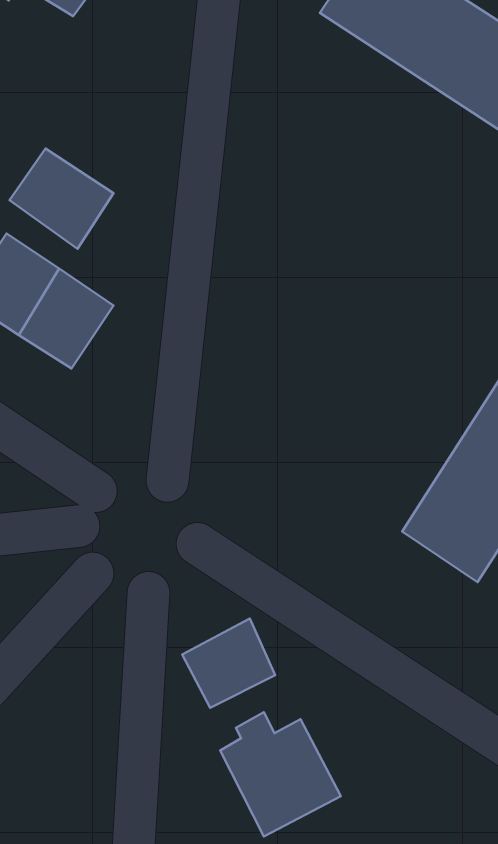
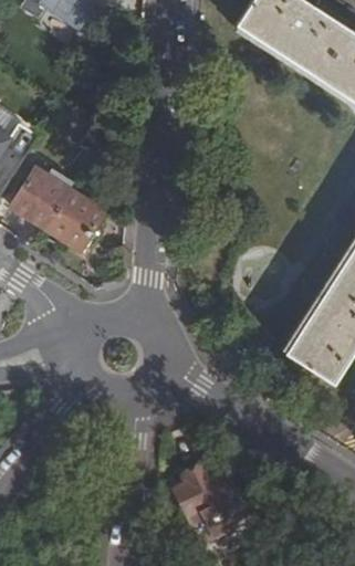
building: [10,148,113,249] -> none
building: [182,618,275,708] -> none

